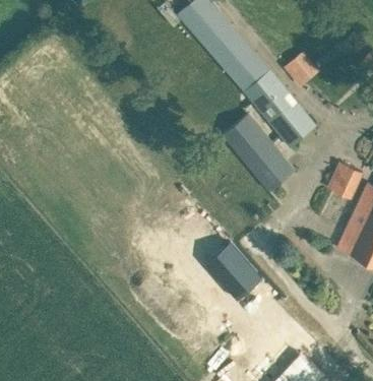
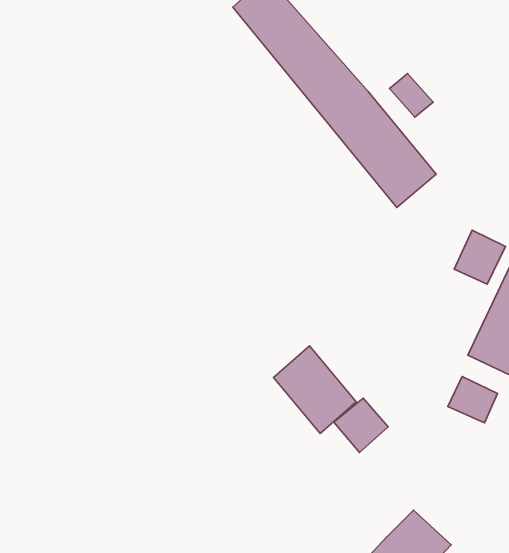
building: [223,114,296,191] -> none
building: none -> [448,377,498,423]
building: none -> [334,398,388,453]

